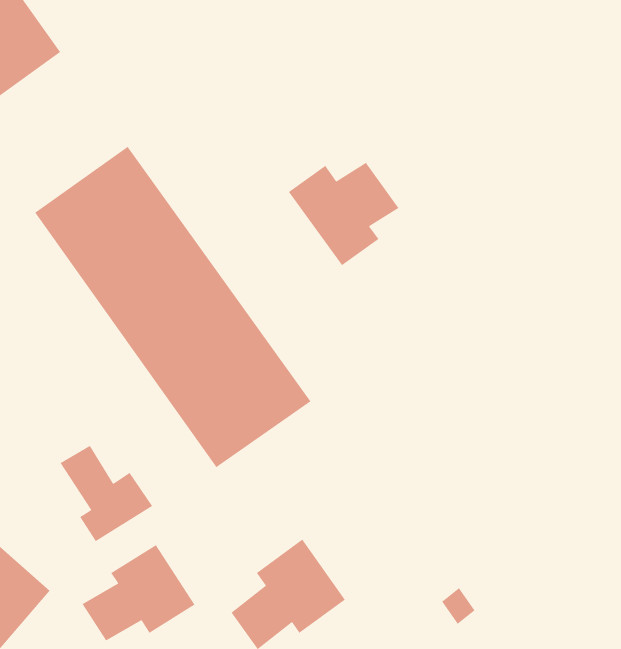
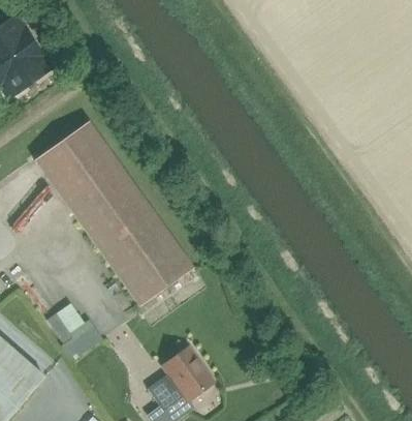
building: [288,162,400,266] -> none
building: [82,544,196,641] -> none

